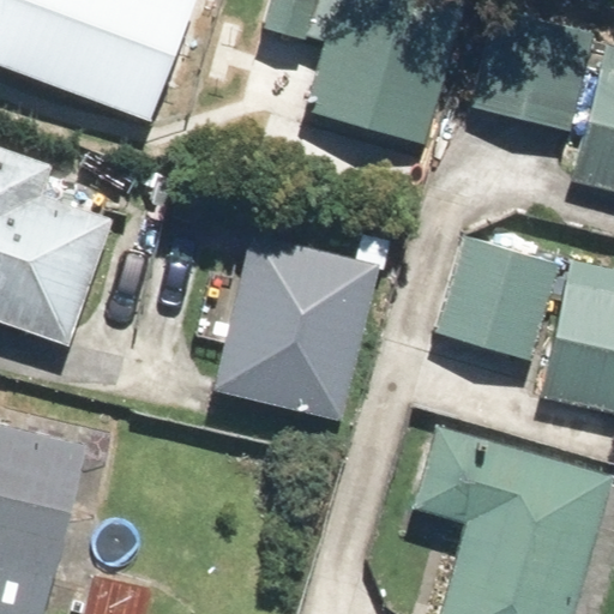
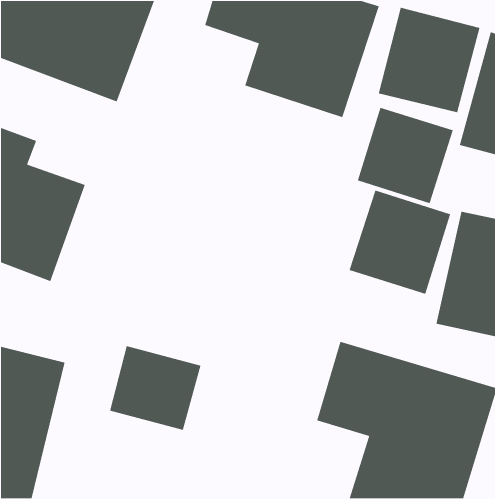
building: none -> [357,107,454,204]
building: [205,207,387,423] -> none
building: none -> [109,345,201,431]

